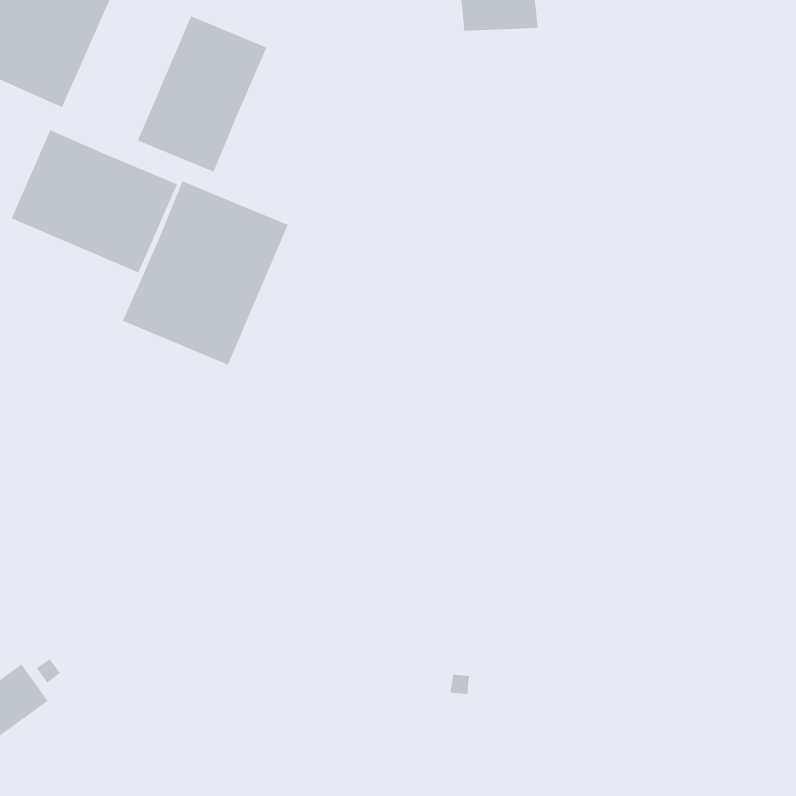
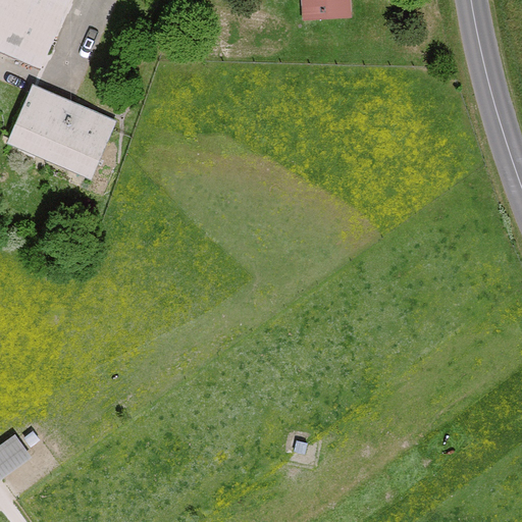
building: [137,16,267,173] -> none
building: [122,181,288,365] -> none

